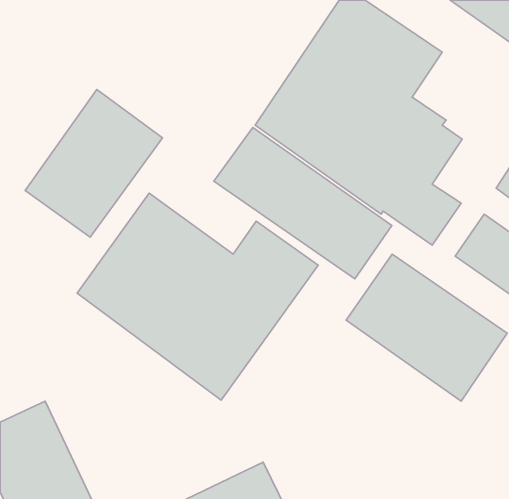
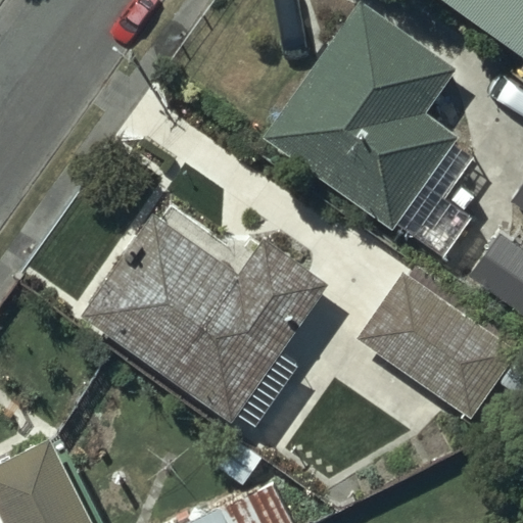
building: [25,89,163,237] -> none
building: [214,128,392,279] -> none

